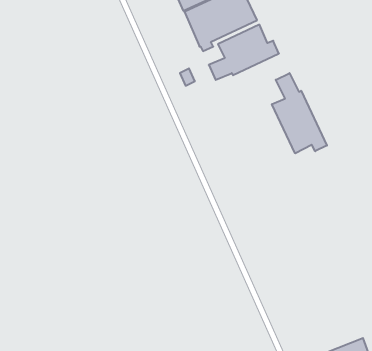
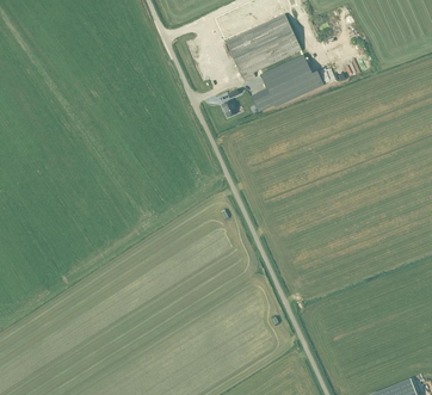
building: [272,73,327,153] -> none

